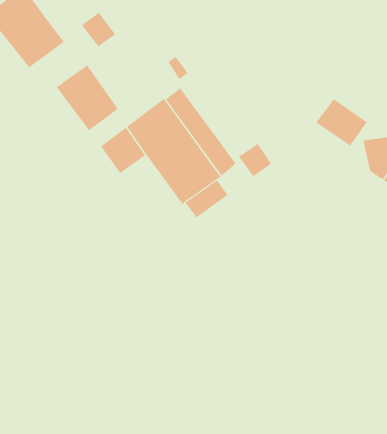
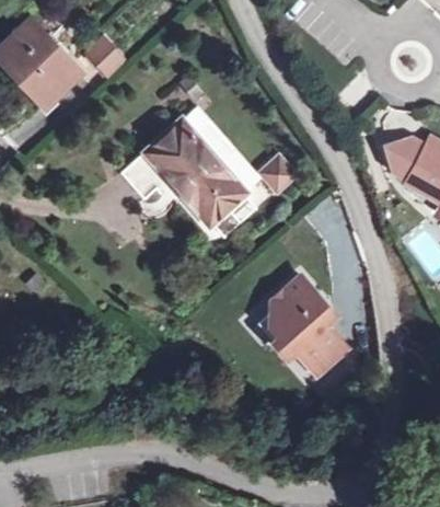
building: [56,64,119,131] -> none
building: [315,98,367,147] -> none
building: none -> [268,276,346,375]

